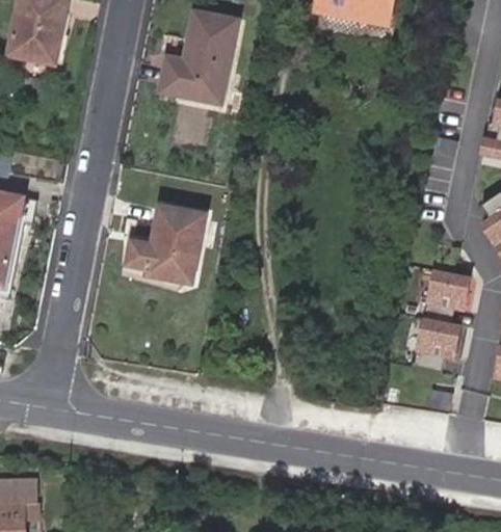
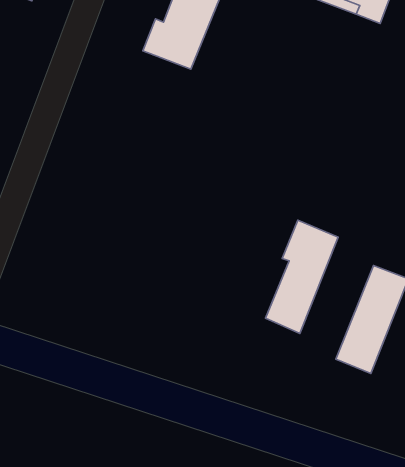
building: [129,205,209,287] -> none
building: none -> [266,220,338,333]

